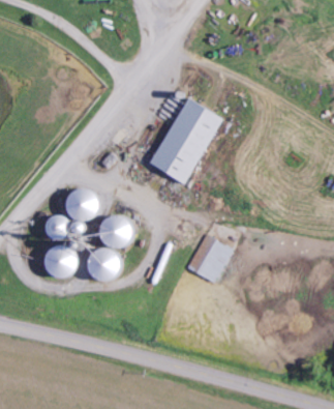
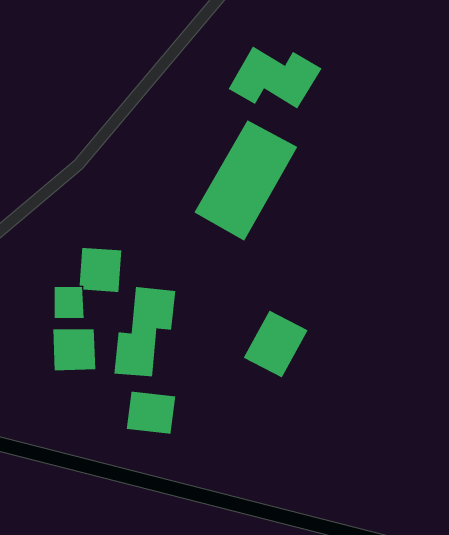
building: none -> [228,45,322,110]
building: none -> [126,391,176,434]

